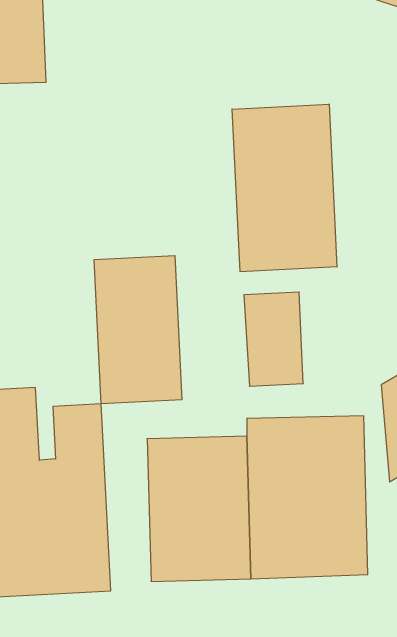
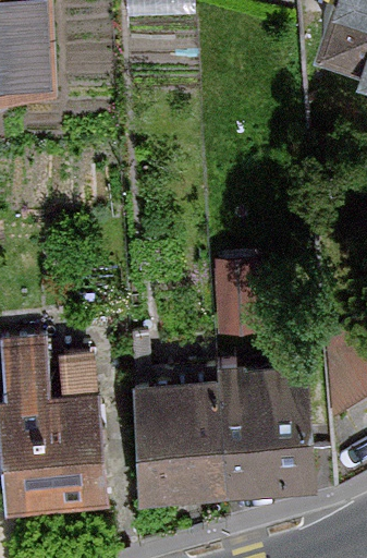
building: [232,104,337,272] -> none
building: [94,256,182,404] -> none

